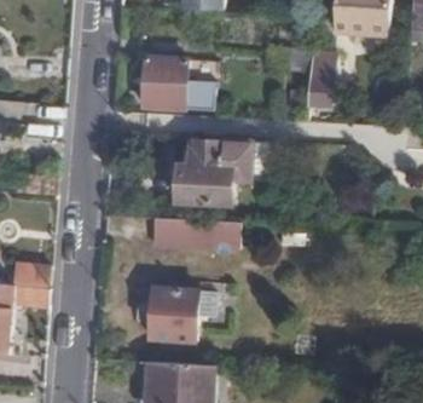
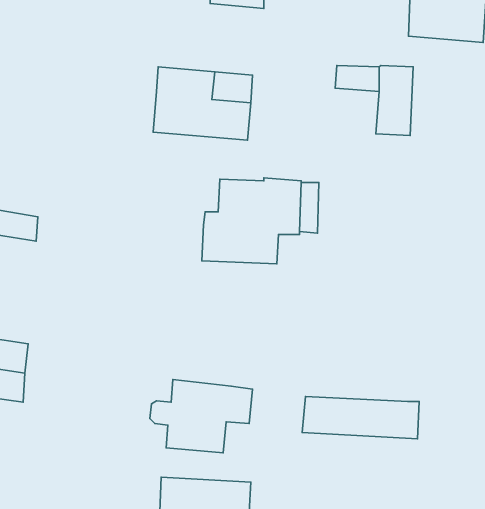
building: [152,220,239,252] -> [302,397,419,439]

